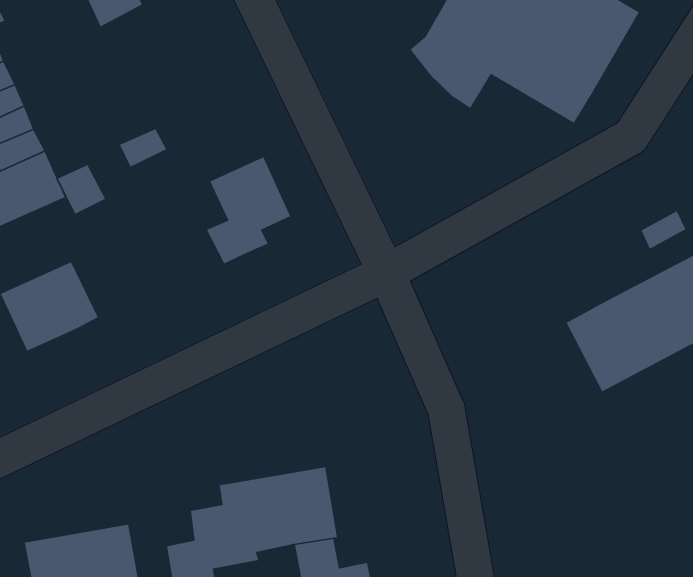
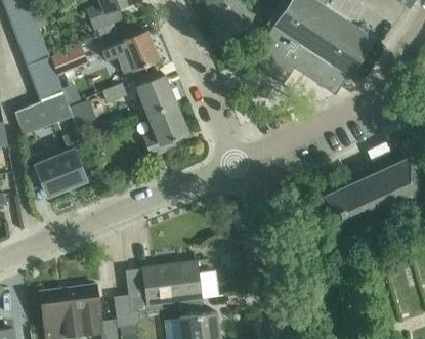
building: none -> [101,30,159,73]
building: none -> [50,45,88,74]
building: none -> [136,74,175,112]

